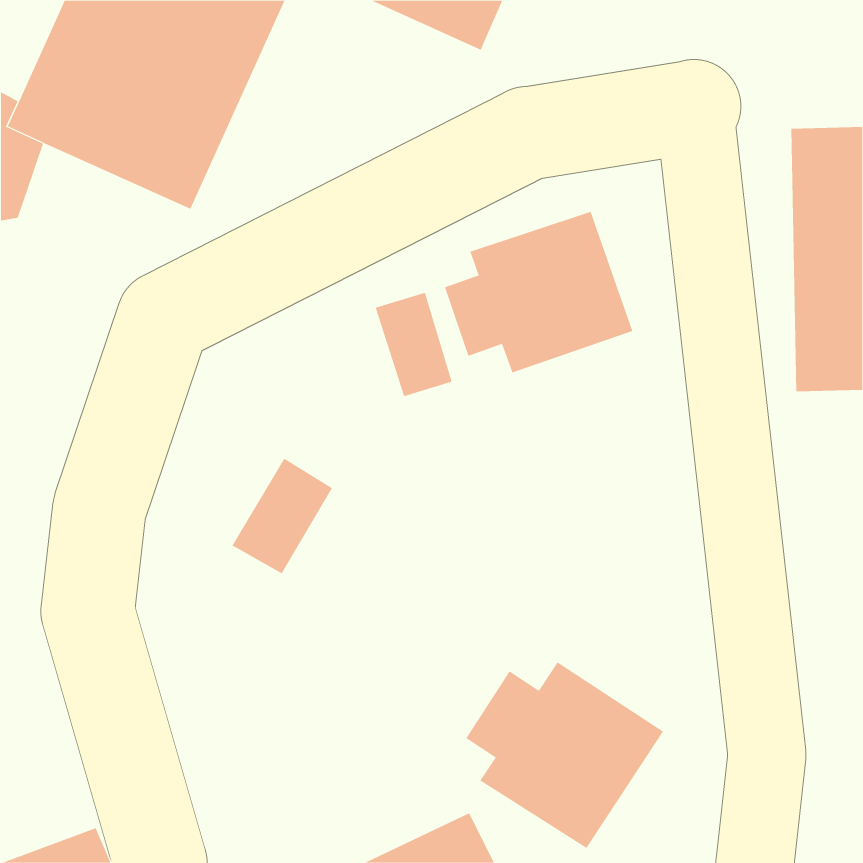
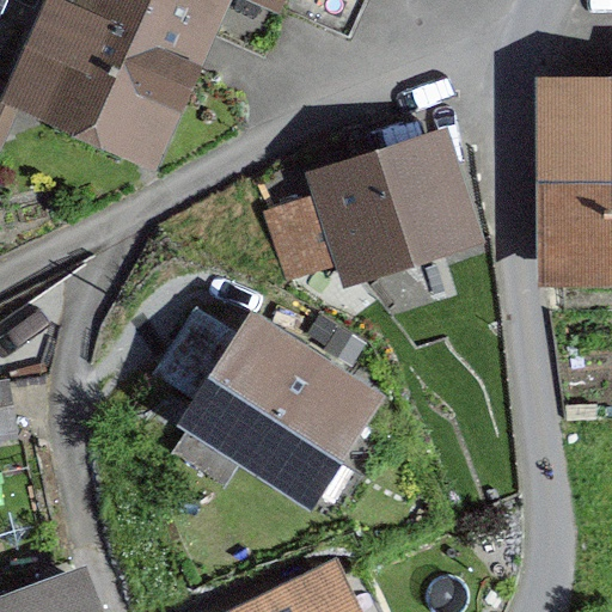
building: none -> [194,328,369,495]
building: [465,662,664,849] -> none

